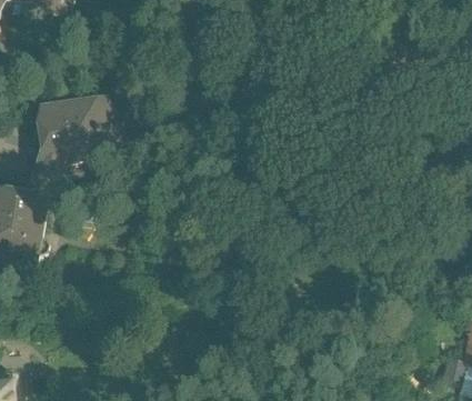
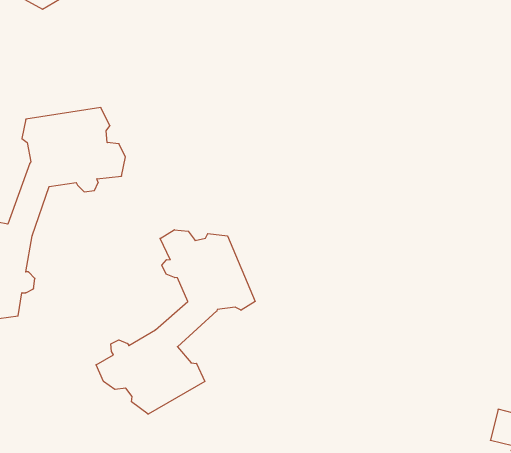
building: none -> [96,230,255,414]

